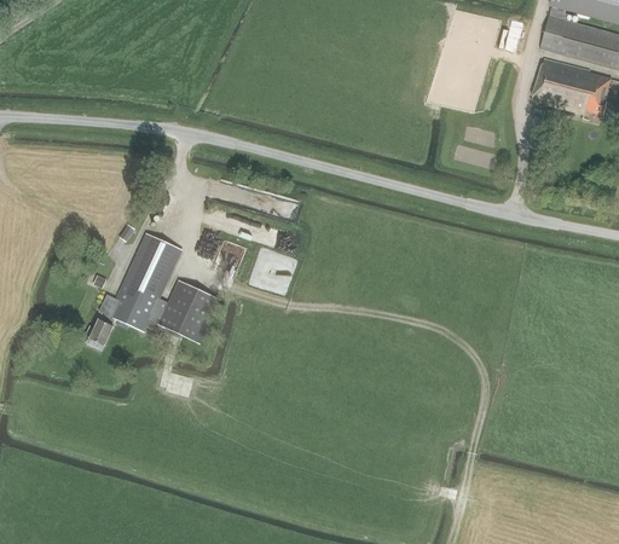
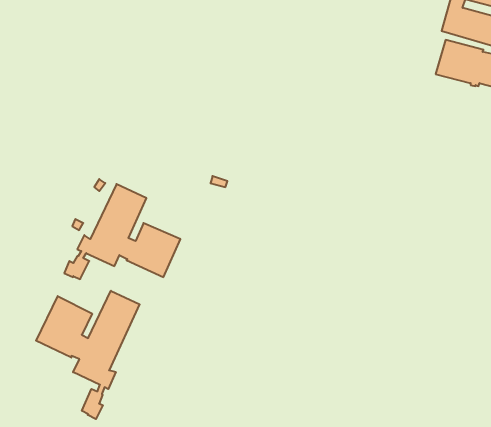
building: none -> [36,291,140,419]

